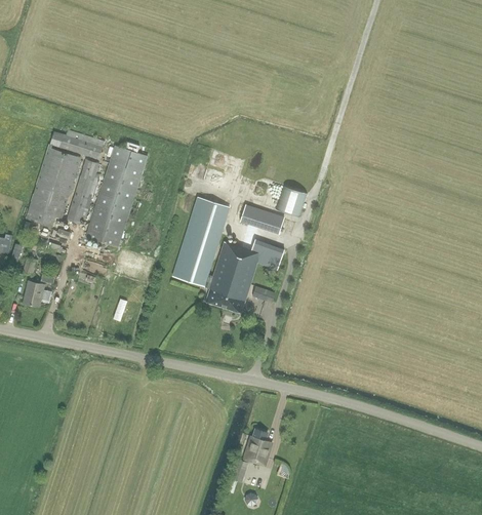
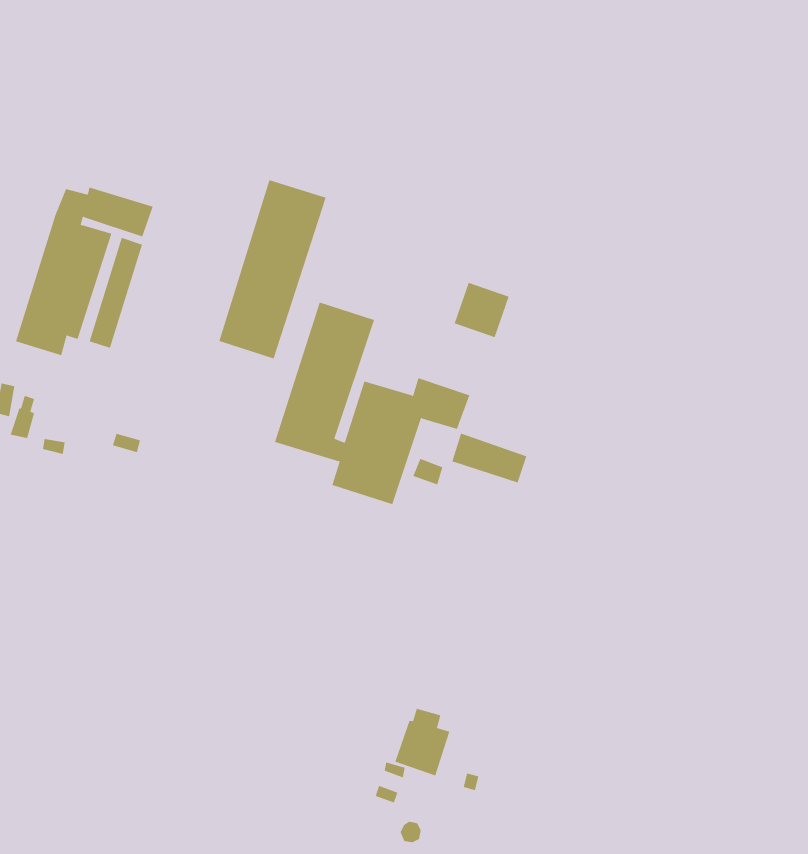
building: [85,145,147,247] -> [218,180,326,359]
building: [240,204,283,233] -> [451,433,527,483]
building: [23,280,43,307] -> none

